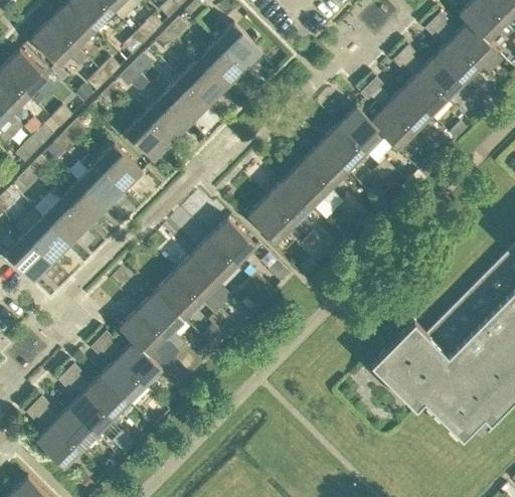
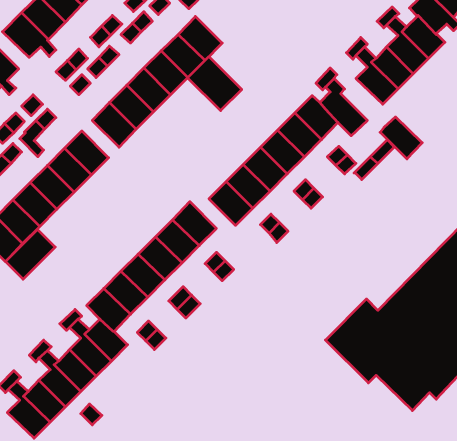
building: none -> [188,57,242,111]
building: [385,89,430,133] -> [380,117,422,159]
building: none -> [5,229,55,279]

